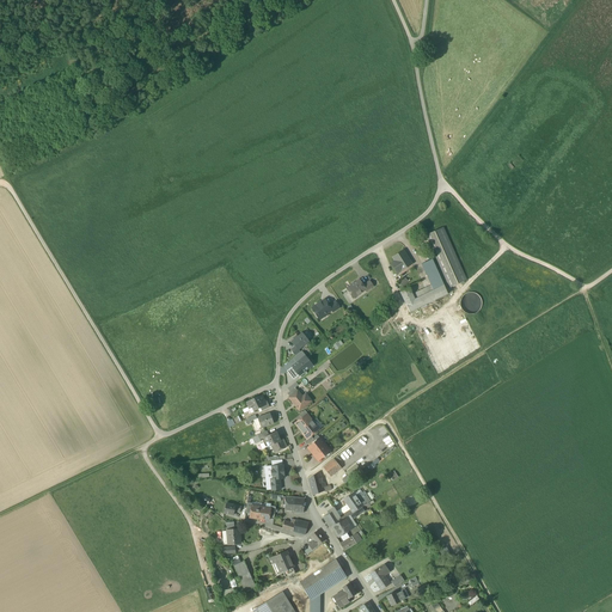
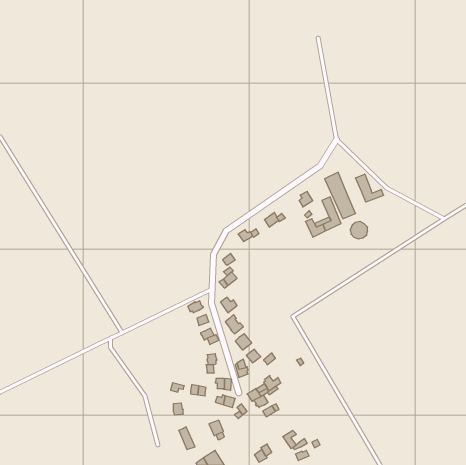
building: none -> [356,174,384,202]
building: [300,558,347,598] -> none

